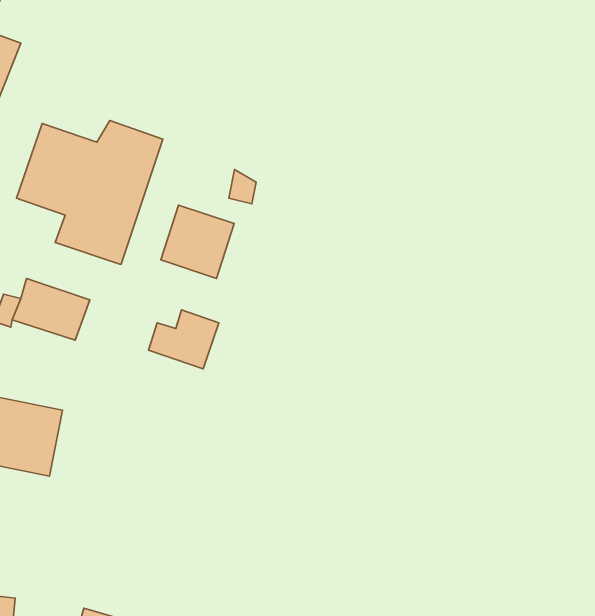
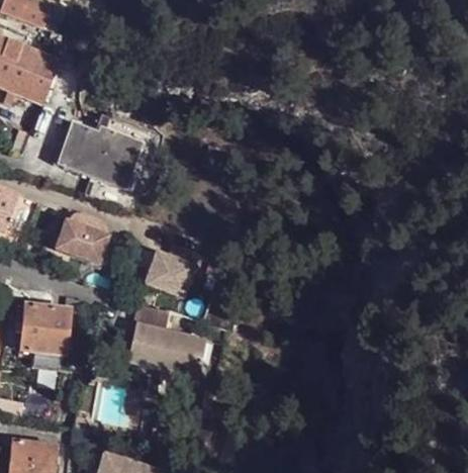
building: [161,205,234,278] -> none
building: none -> [125,305,206,386]

